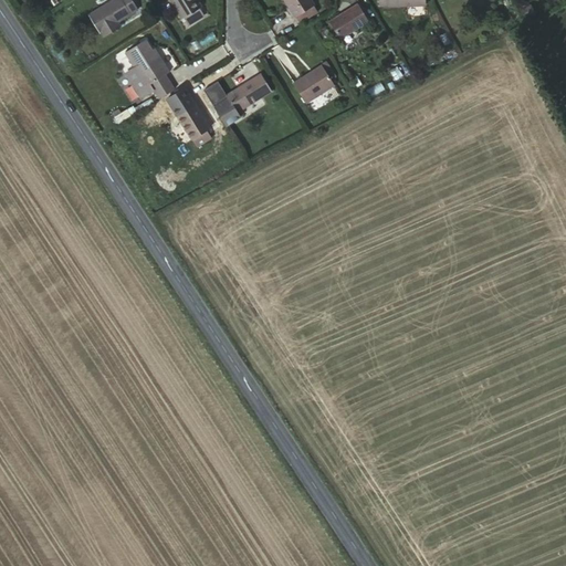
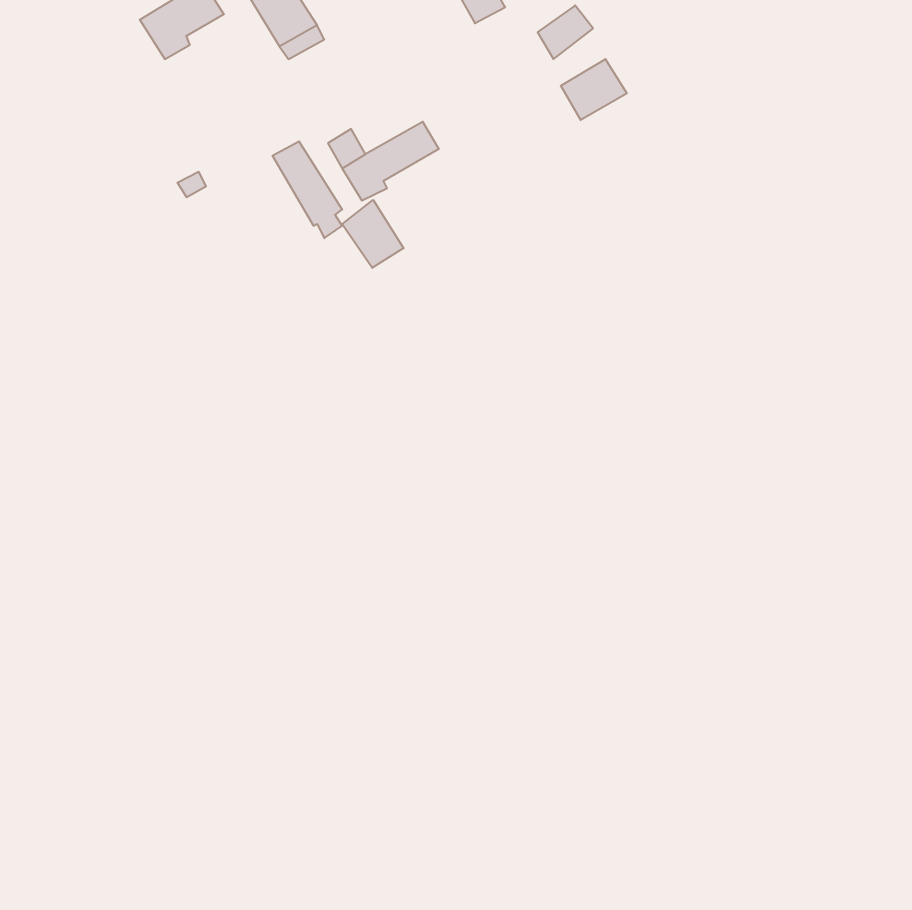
building: [120,36,170,95] -> none
building: [295,66,336,104] -> [561,59,627,120]
building: none -> [342,200,404,268]

